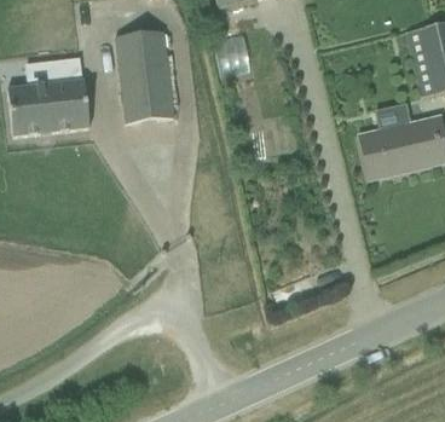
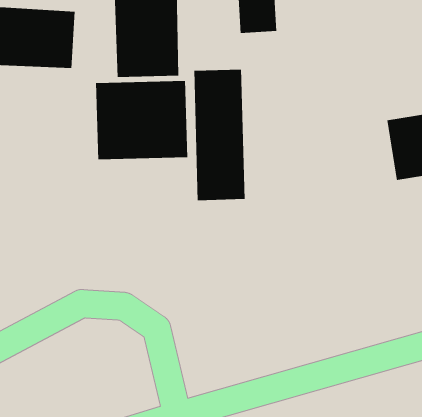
building: none -> [194,69,245,201]
building: none -> [95,80,188,160]

